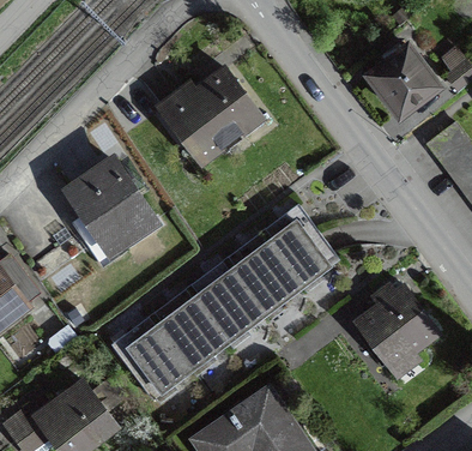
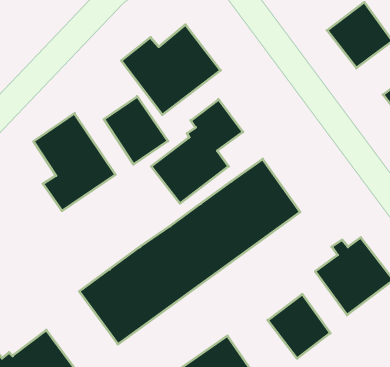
building: none -> [104,96,168,164]
building: none -> [151,99,243,203]
building: none -> [268,294,330,358]

